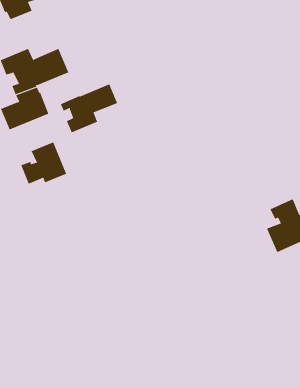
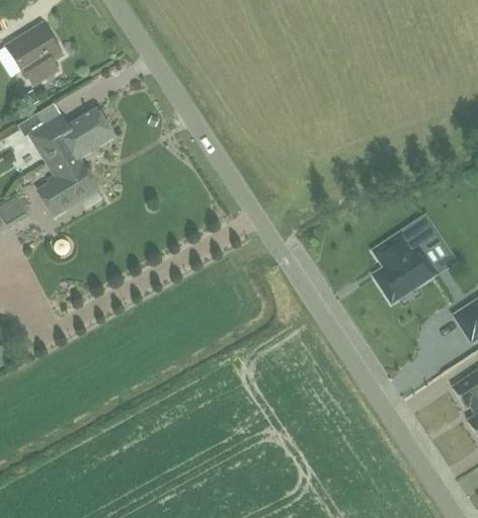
building: [60,84,118,133] -> none
building: [21,142,67,185] -> none

